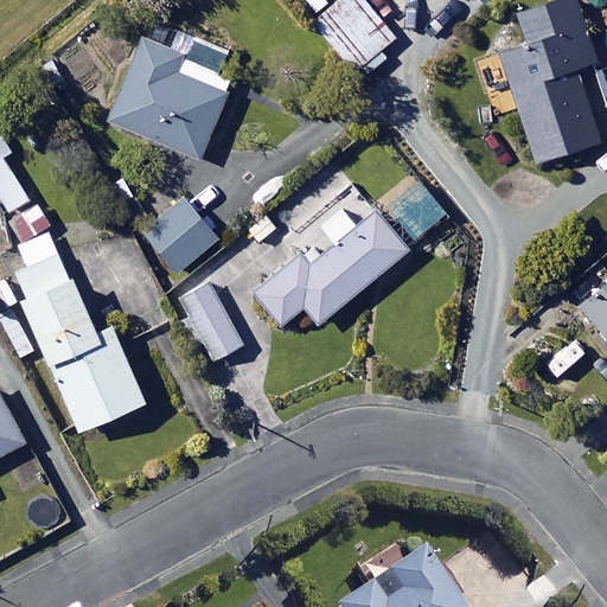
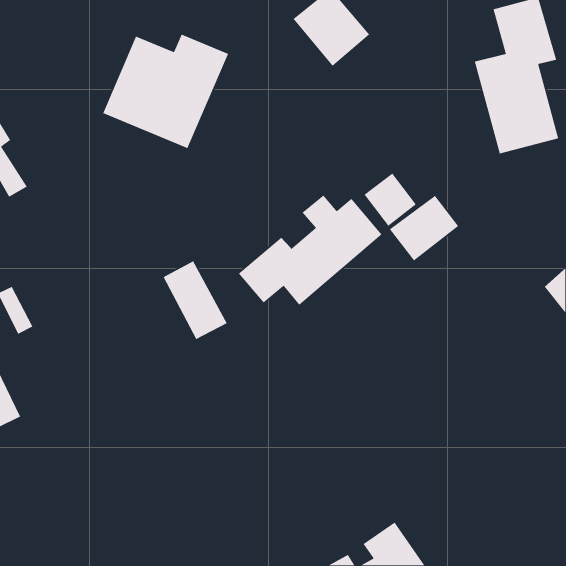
building: [141,193,219,273] -> none
building: none -> [389,195,459,261]
building: [12,230,147,430] -> none

